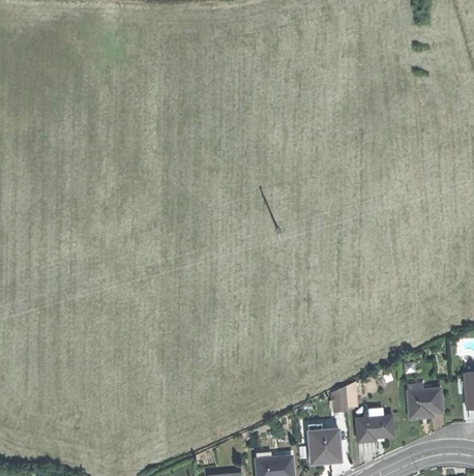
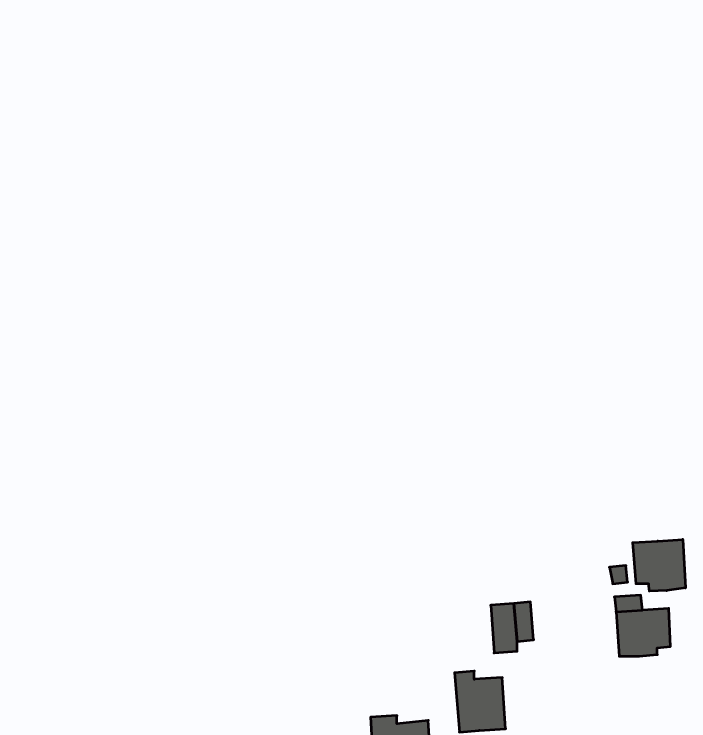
building: none -> [633,539,685,591]
building: [356,412,393,444] -> none

